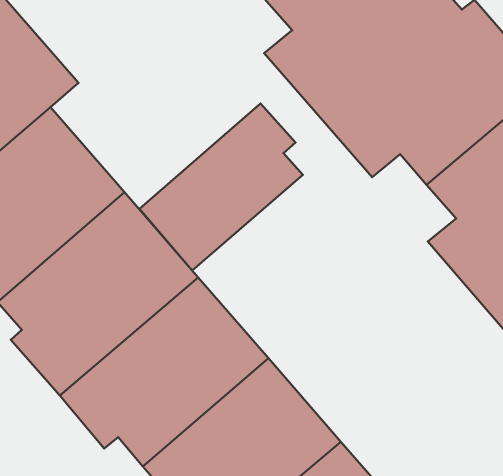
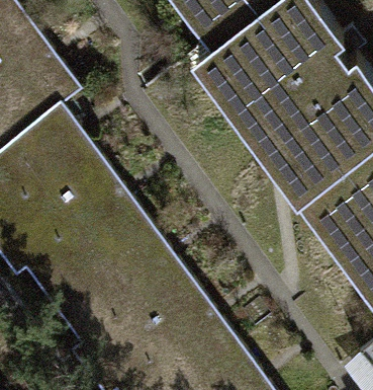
building: [140,104,303,270] -> none

